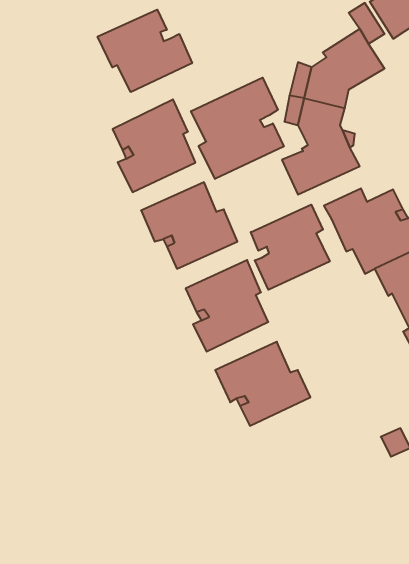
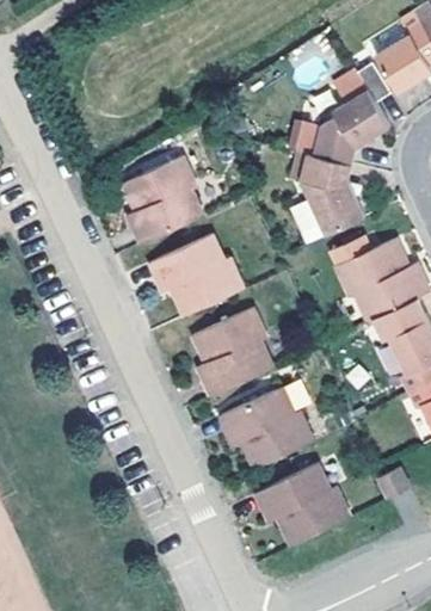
building: [98,10,192,92] -> none
building: [191,78,284,179] -> none
building: [251,205,330,290] -> none
building: none -> [258,465,351,545]

